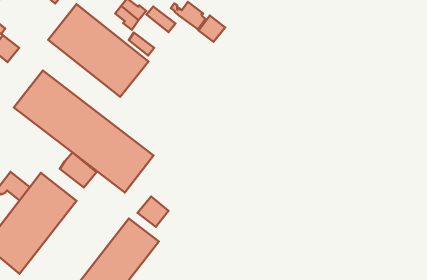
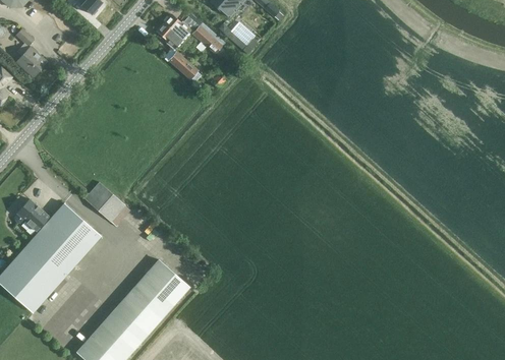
building: [48,4,149,97] -> none
building: [199,15,225,42] -> none
building: [14,70,154,193] -> none
building: [138,197,168,227] -> none

